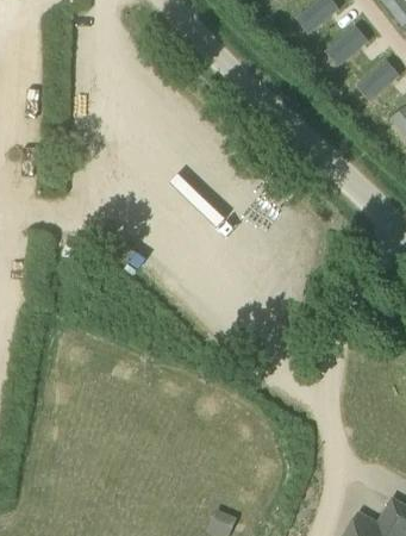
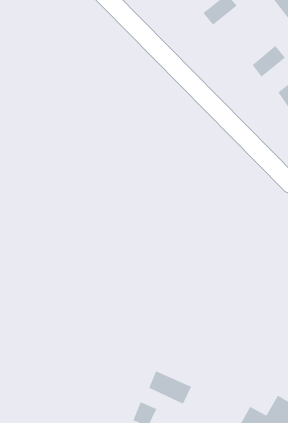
building: [326,26,369,67] -> none
building: none -> [148,370,192,404]

